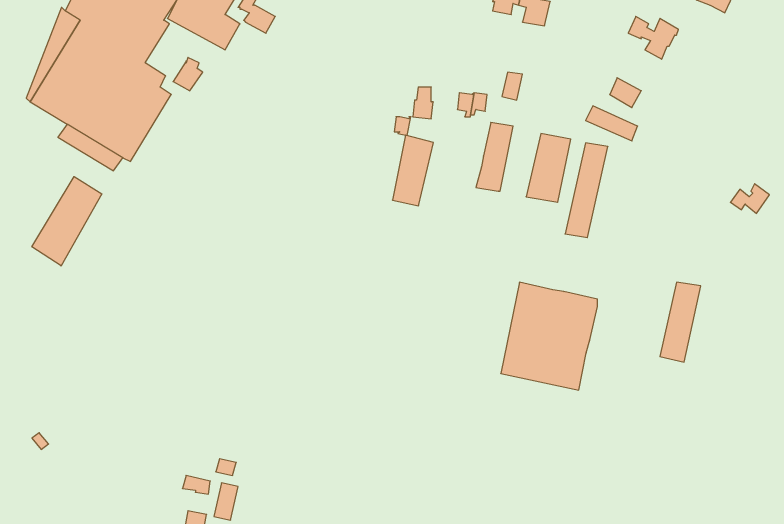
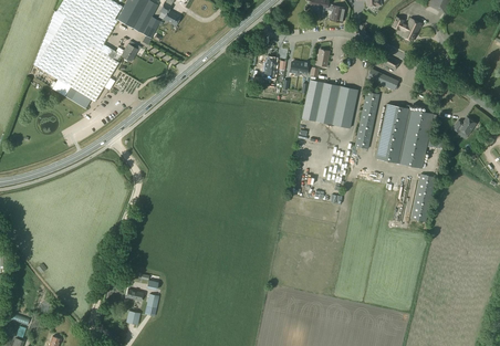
building: [392,135,433,206] -> [315,81,340,123]
building: [32,177,102,266] -> none
building: [501,282,597,390] -> [375,103,433,167]

